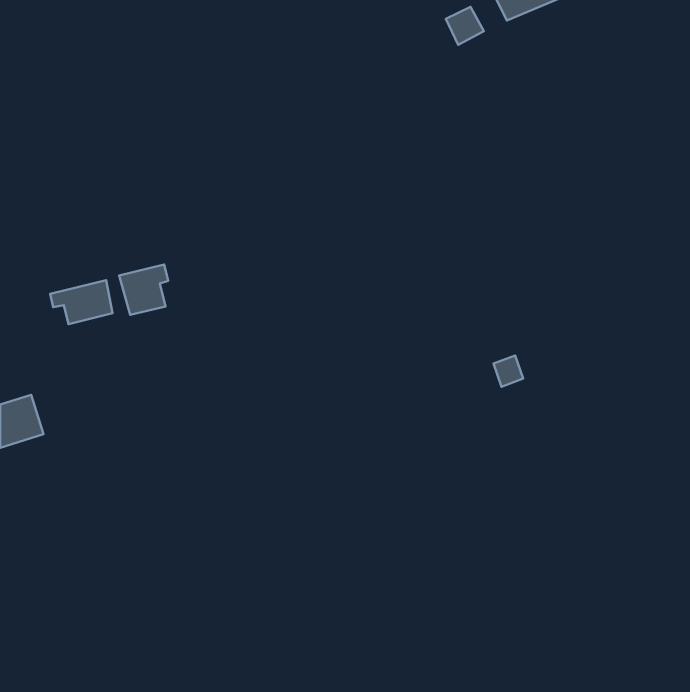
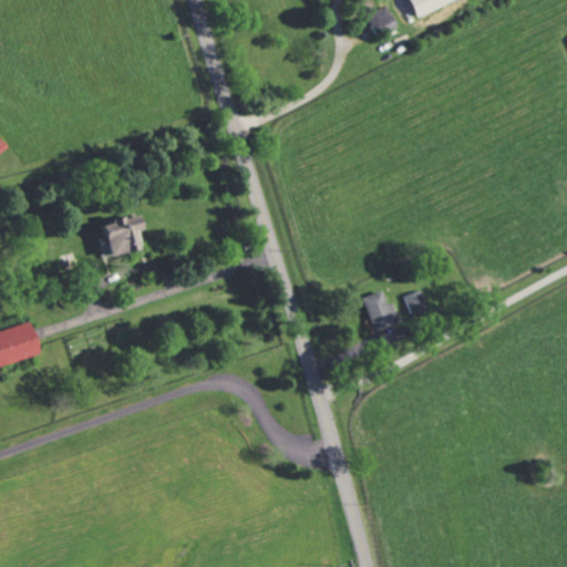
building: [50,280,112,324] -> none
building: none -> [364,291,398,329]

